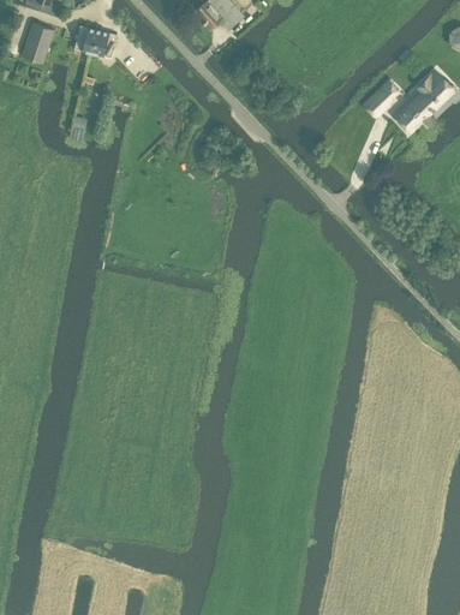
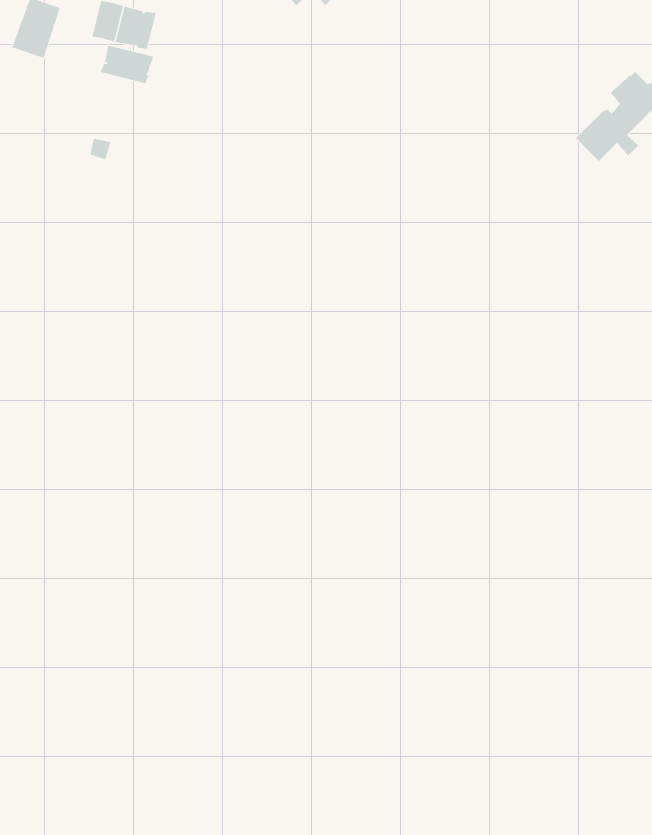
building: none -> [100,45,154,84]
building: [359,77,396,117] -> none

